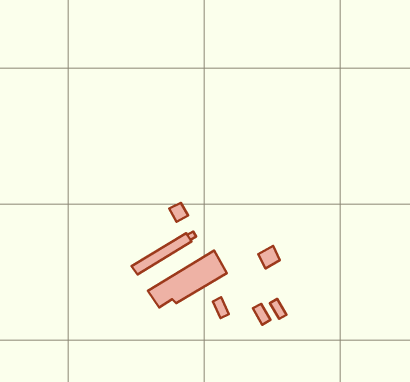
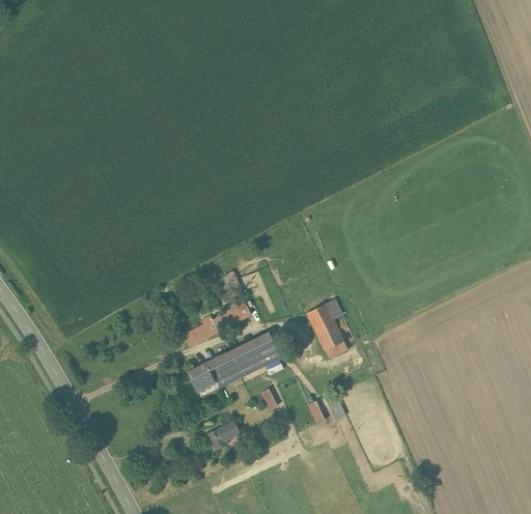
building: none -> [308,306,339,340]
building: none -> [205,422,237,449]

